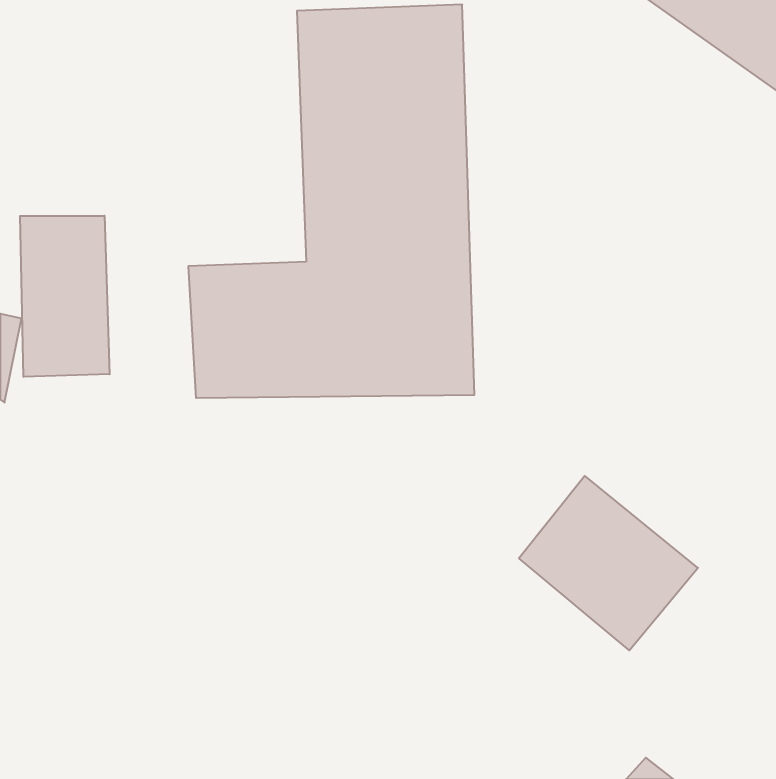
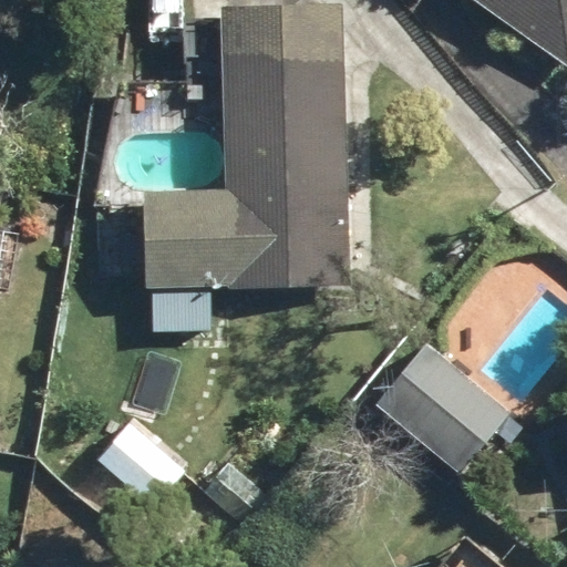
building: [20,216,110,377] -> none

